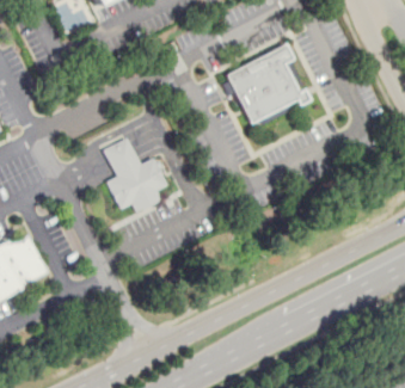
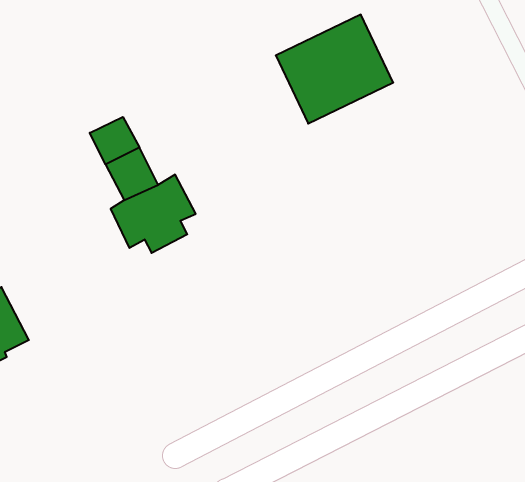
building: none -> [90,117,140,164]

